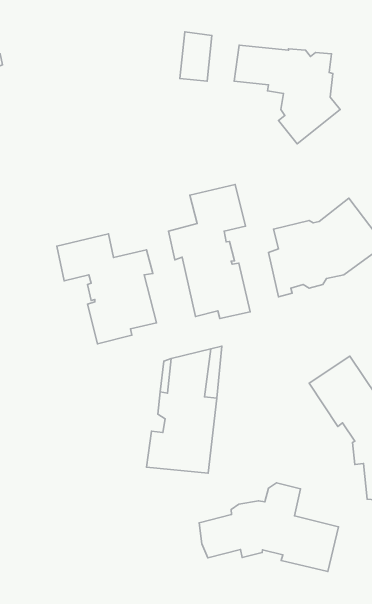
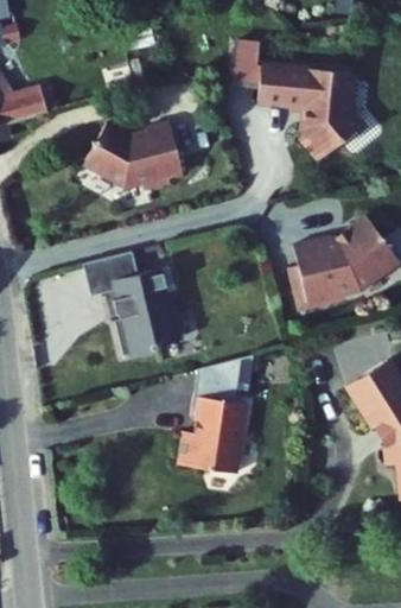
building: none -> [96,119,192,186]
building: [169,185,250,318] -> none
building: [199,483,339,572] -> none

